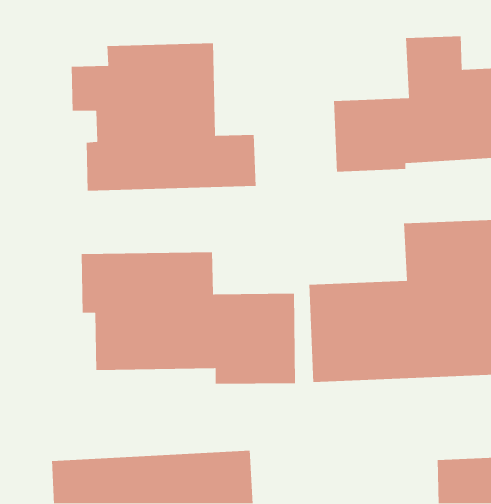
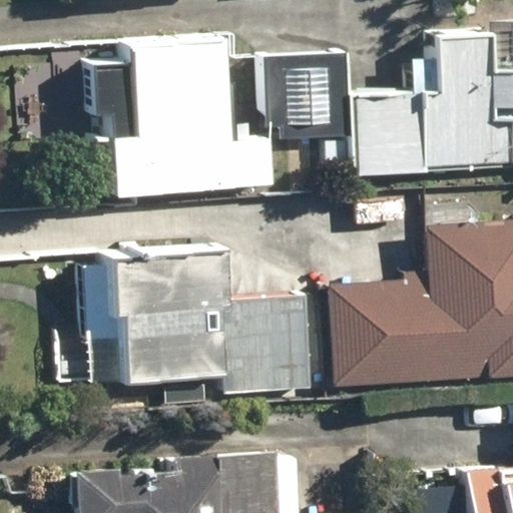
building: none -> [269,51,347,142]

